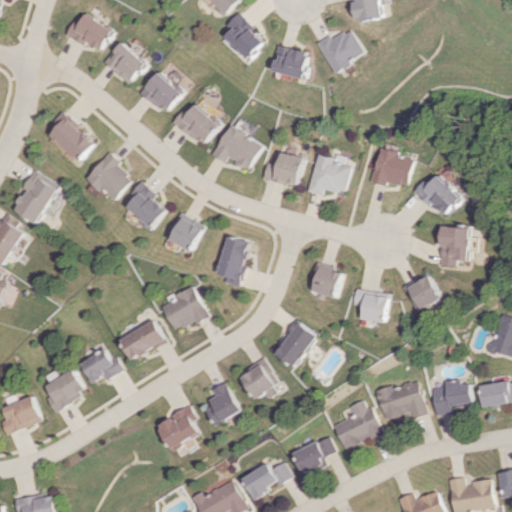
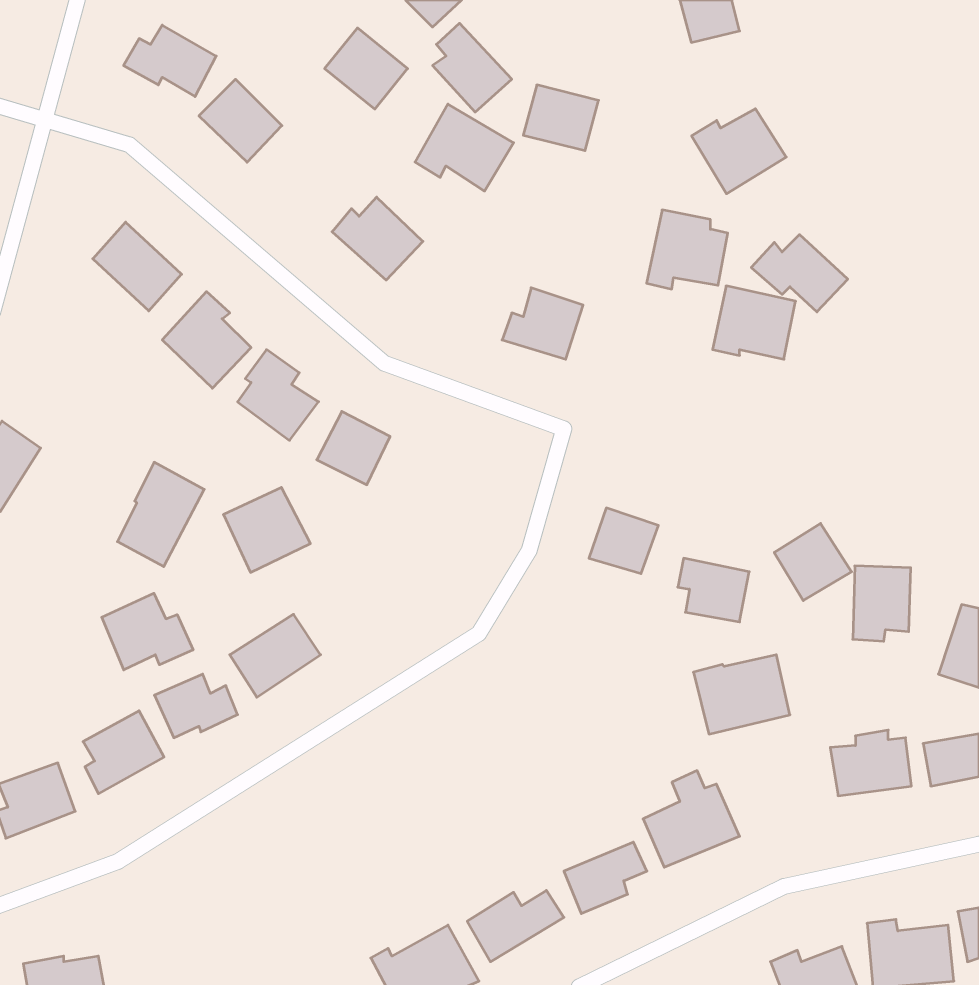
building: [317,29,366,73] -> [692,109,786,194]
building: [139,72,182,114] -> [325,28,408,109]
building: [210,125,261,170] -> [415,104,514,191]
building: [306,154,348,195] -> [647,210,728,289]
building: [11,170,56,224] -> [117,462,204,567]
building: [411,175,461,215] -> [751,235,848,312]
building: [438,227,468,266] -> [853,566,911,641]
building: [216,235,249,287] -> none
building: [162,288,207,332] -> [223,487,310,572]
building: none -> [102,593,193,670]
building: [275,320,317,368] -> none
building: [242,362,281,400] -> none
building: [375,381,425,422] -> [693,655,790,734]
building: [207,382,242,425] -> none
building: [158,406,200,448] -> none

